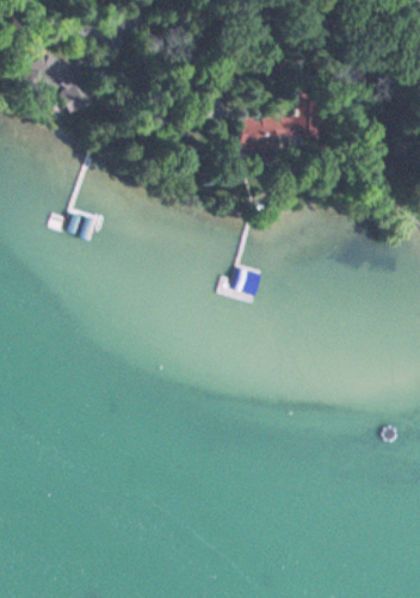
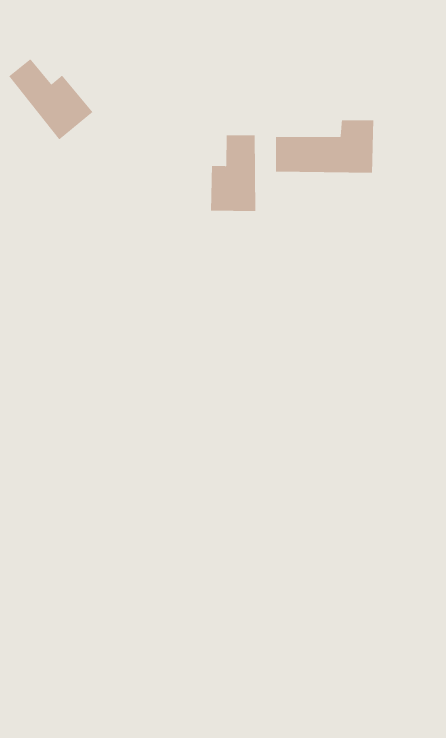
building: none -> [210,135,256,212]

